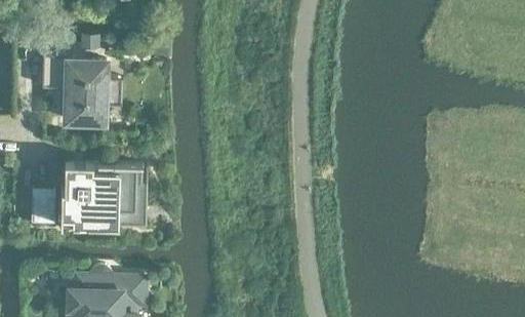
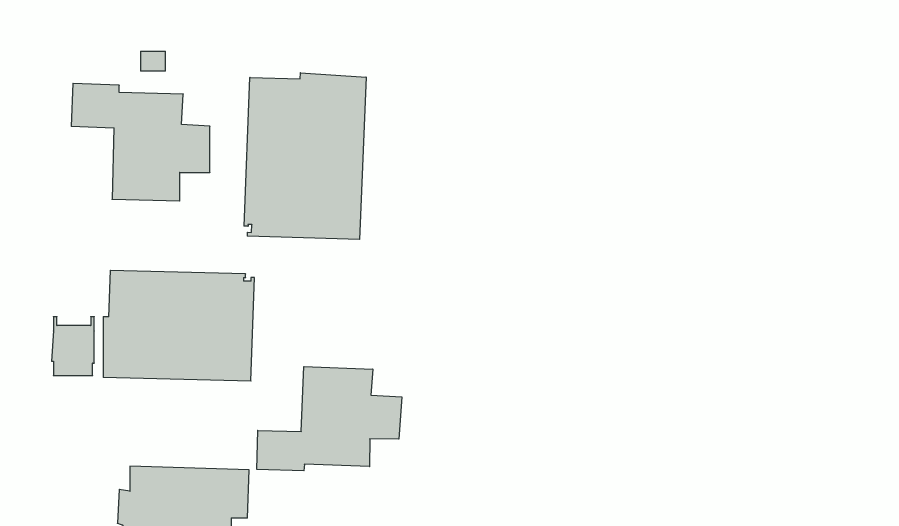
building: none -> [244,73,366,239]
building: none -> [257,367,402,471]

